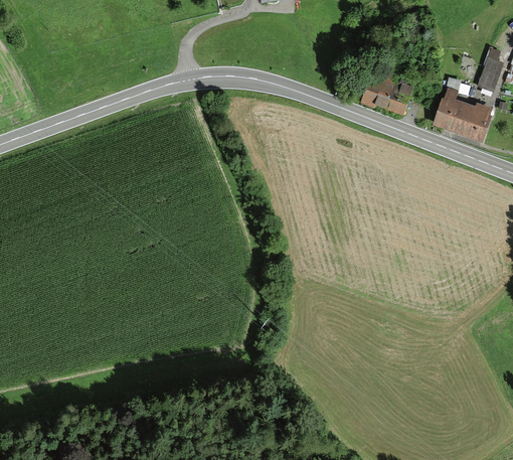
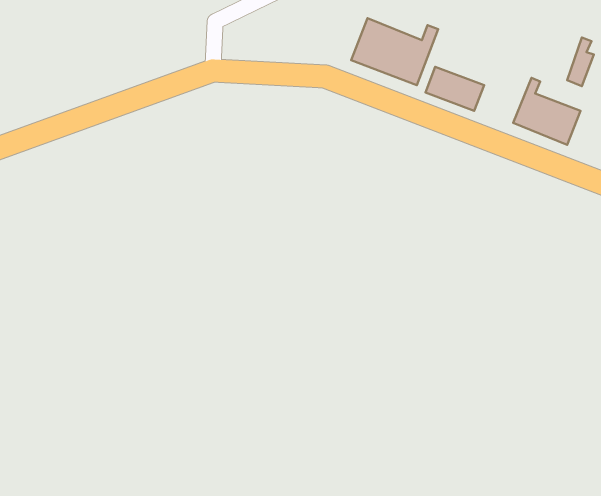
building: none -> [351,18,438,85]

